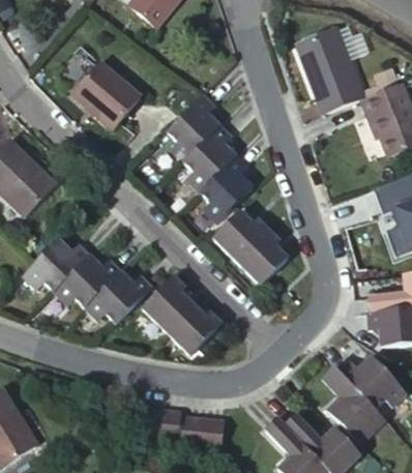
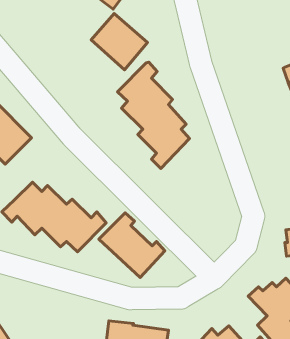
building: [297,27,365,113] -> none
building: [72,61,141,129] -> [91,14,147,70]
building: [211,208,287,284] -> none

